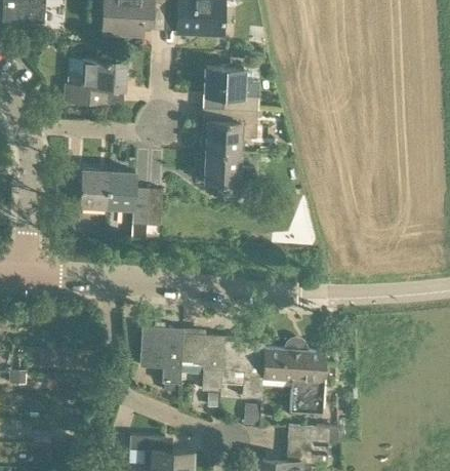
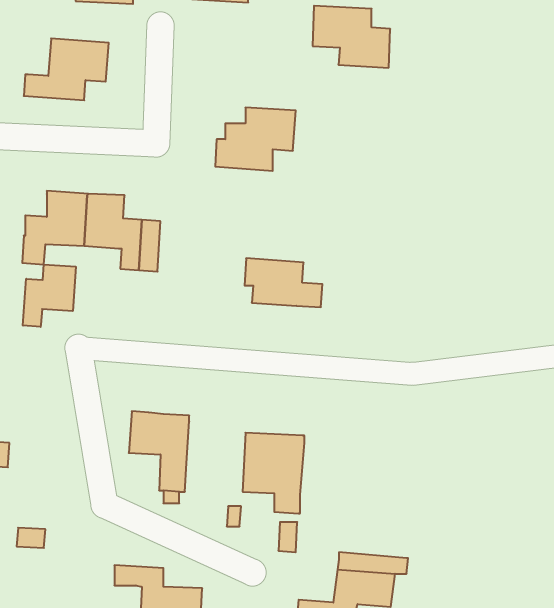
building: [203,68,258,112] -> [313,6,390,68]
building: [199,152,254,187] -> [245,258,322,307]
building: none -> [23,264,76,327]
building: [179,333,221,391] -> none
building: [260,349,325,414] -> none

